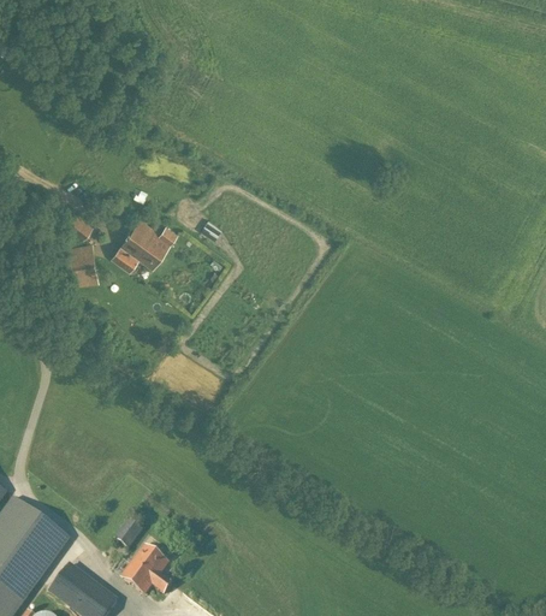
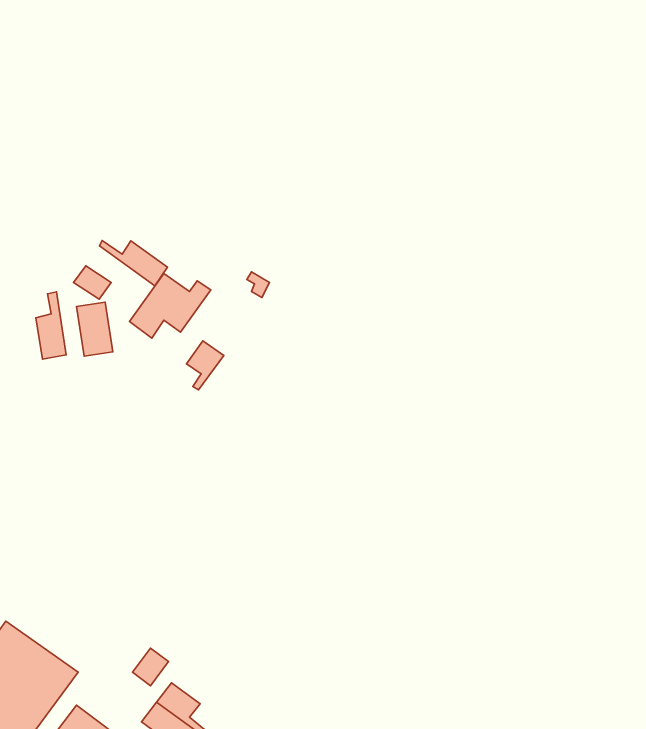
building: none -> [100,240,168,286]
building: none -> [36,292,66,359]
building: none -> [186,341,224,390]

